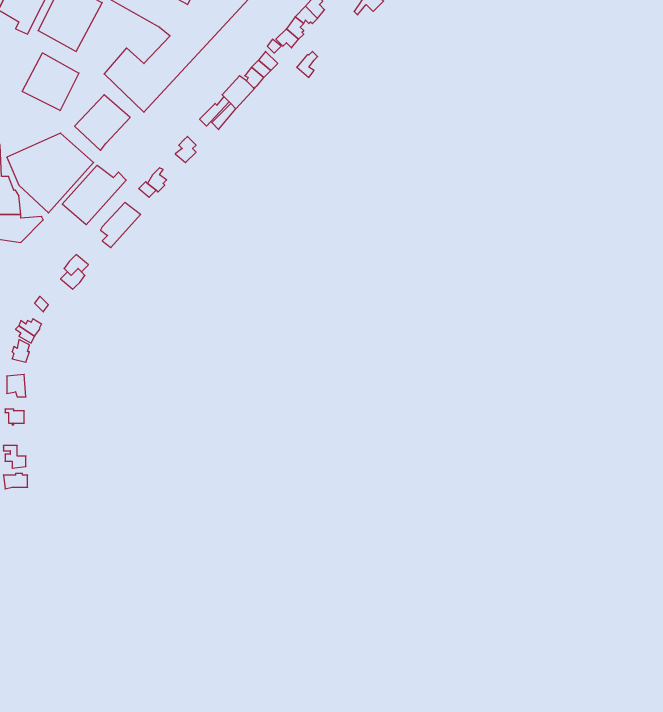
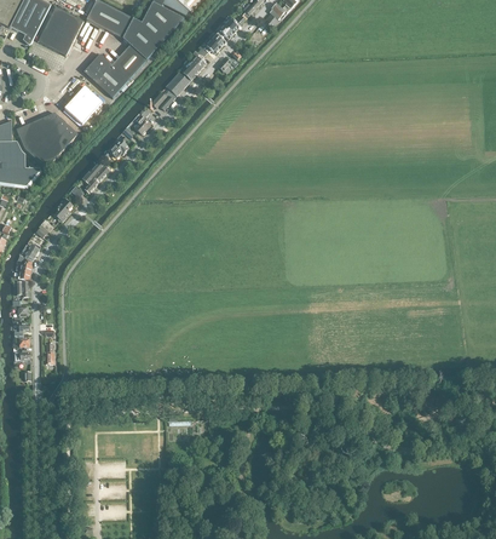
building: [22,53,79,111] -> none
building: [62,165,126,225] -> none

